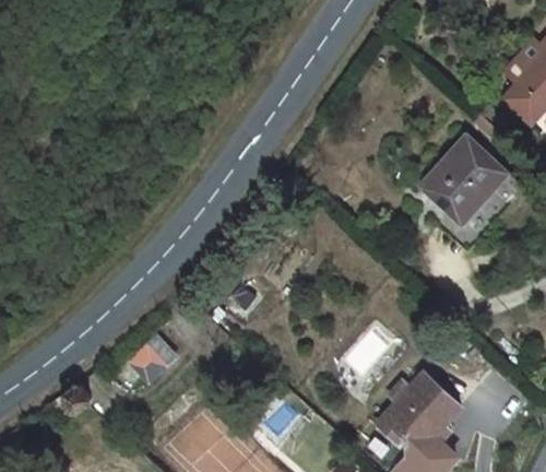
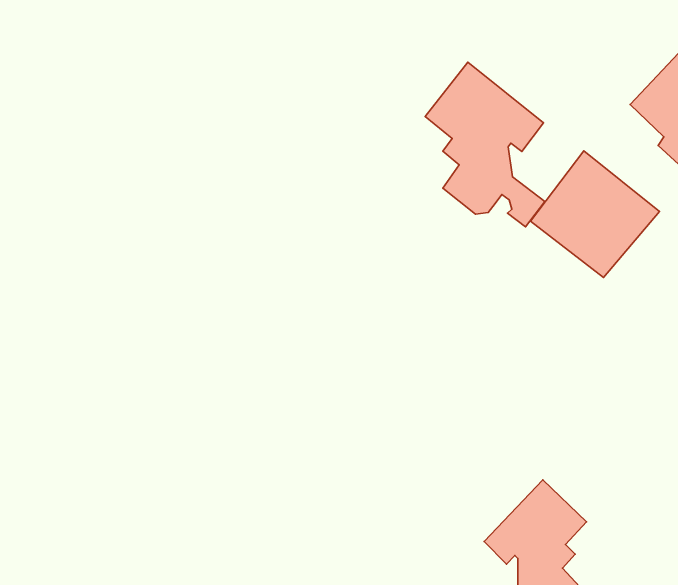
building: none -> [425,62,545,227]
building: [127,331,179,384] -> none

